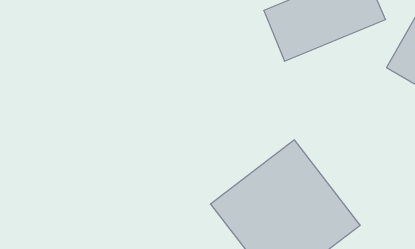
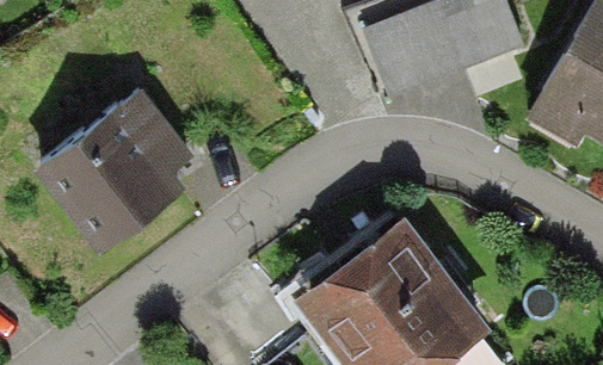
building: none -> [36,89,193,249]

